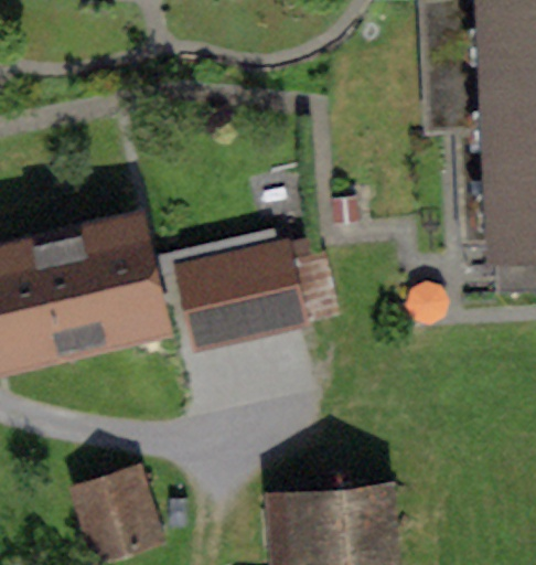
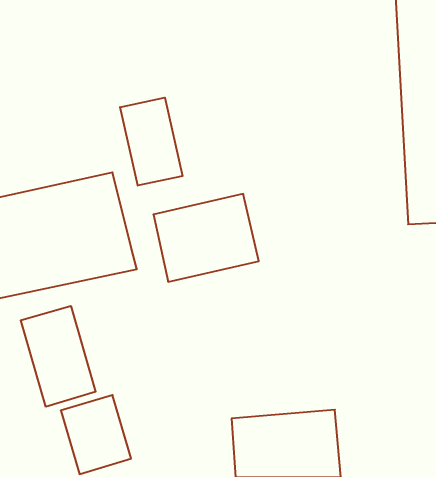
building: none -> [120,98,183,186]
building: none -> [21,306,96,407]

